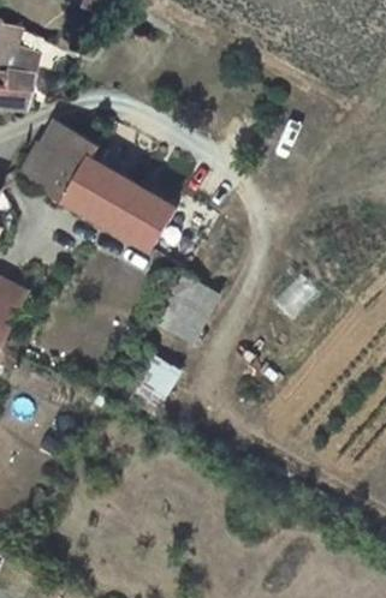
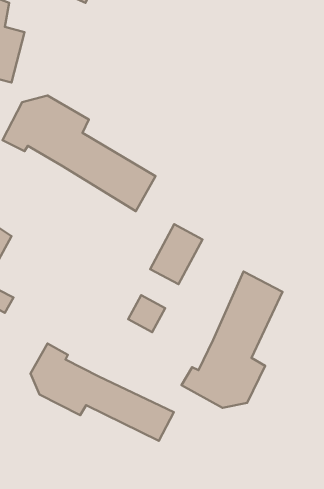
building: none -> [182,271,282,408]
building: none -> [30,343,174,441]

